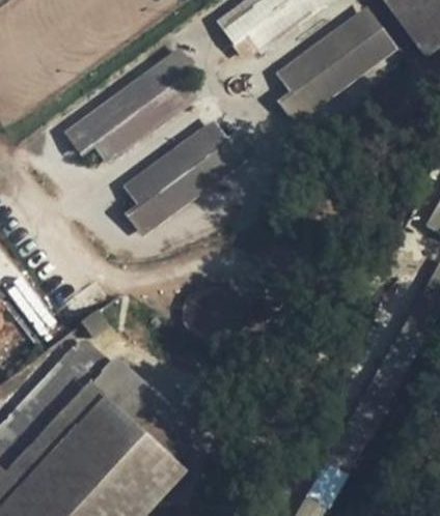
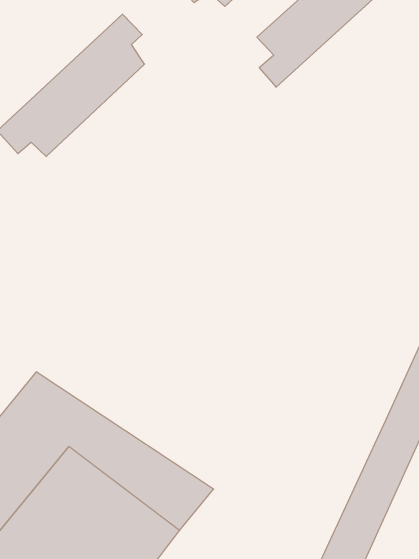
building: [122,124,248,230] -> none

